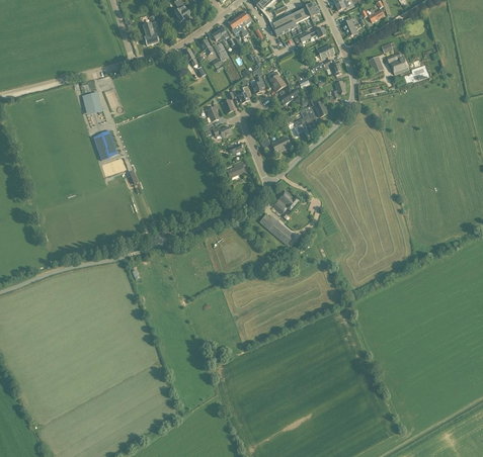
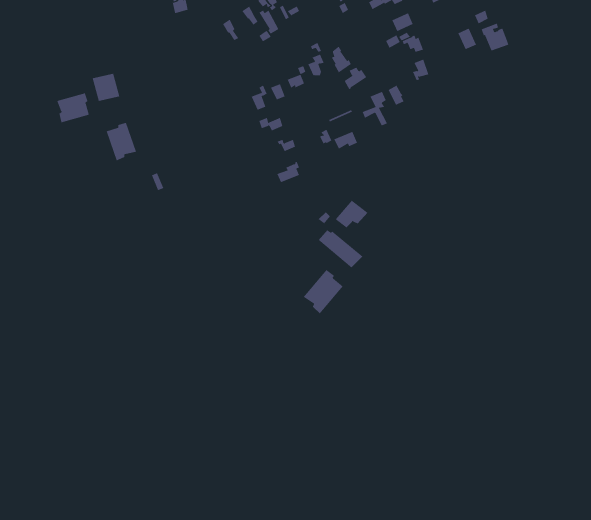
building: none -> [56,92,90,123]
building: none -> [303,269,344,314]

